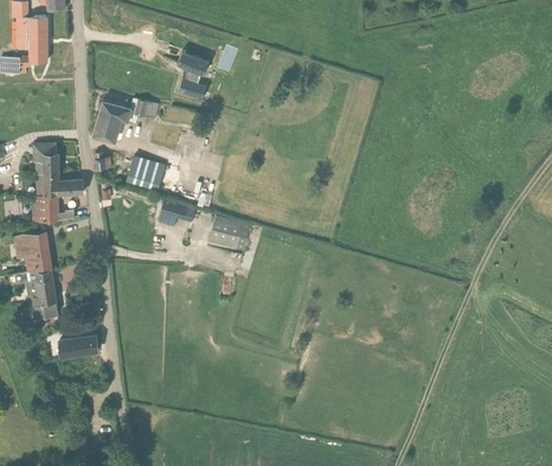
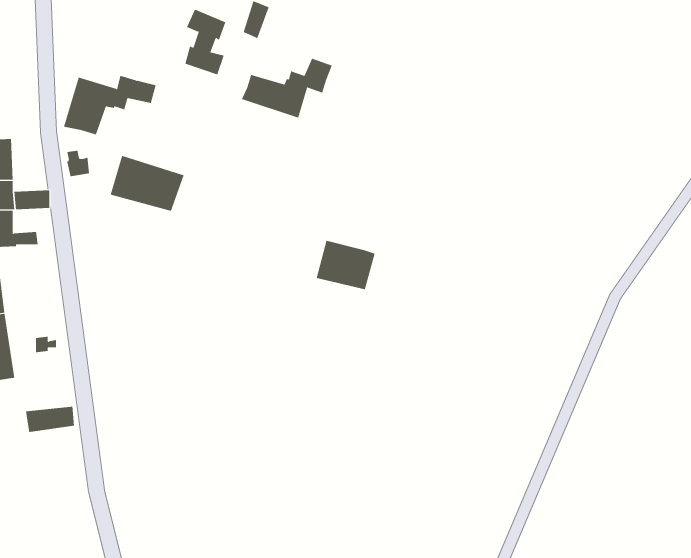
building: none -> [241,58,332,118]
building: [158,200,195,225] -> none
building: [208,215,251,250] -> [316,240,376,290]

